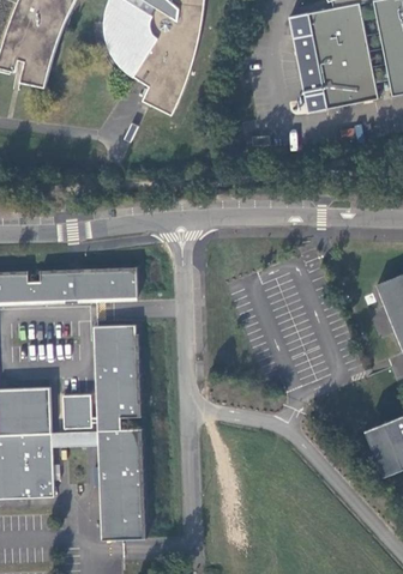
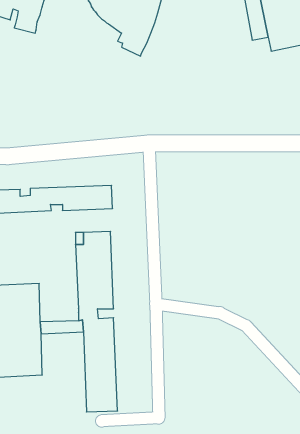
building: [64,393,97,428] -> none

